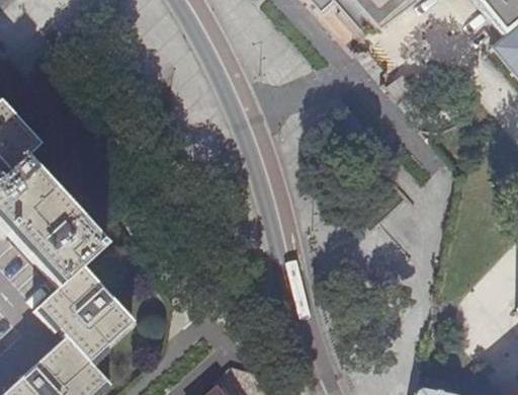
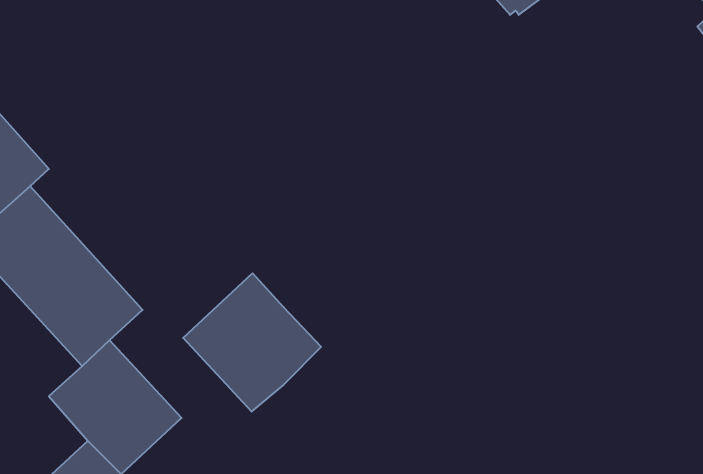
building: none -> [183,273,321,412]

